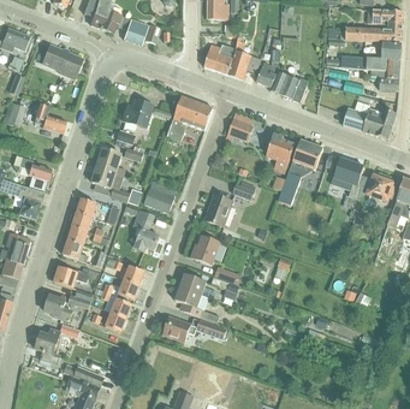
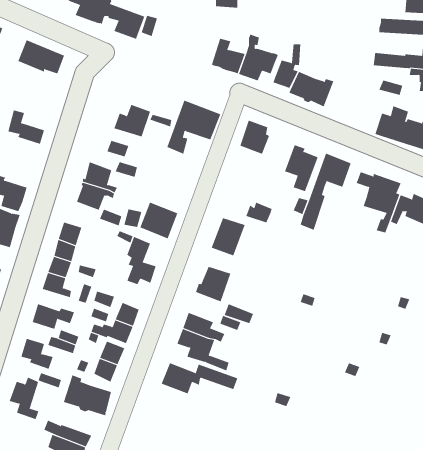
building: none -> [63,374,111,416]

